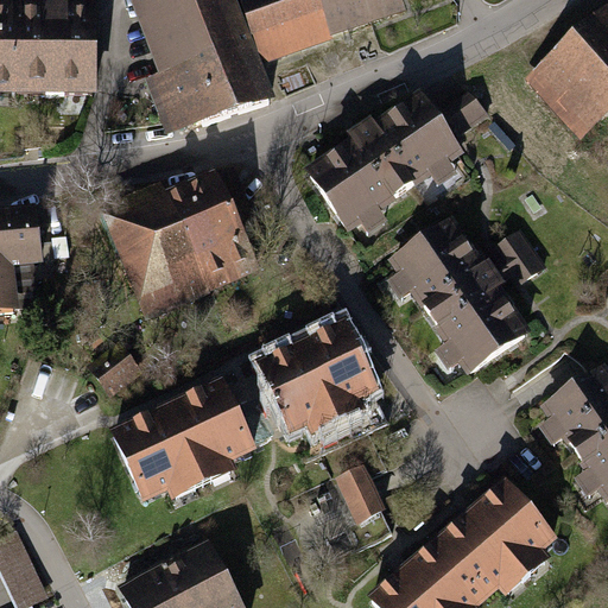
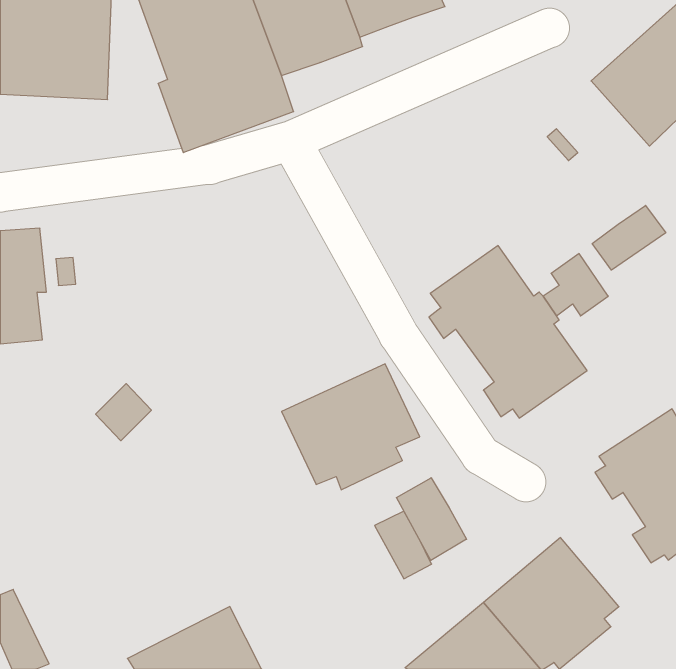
building: [300,87,486,230] -> none
building: [93,162,251,317] -> none
building: none -> [592,205,666,270]
building: [109,380,255,504] -> none
building: none -> [396,478,467,560]

